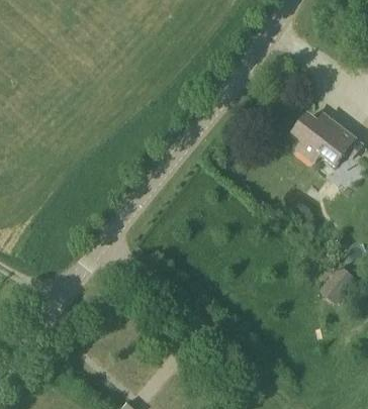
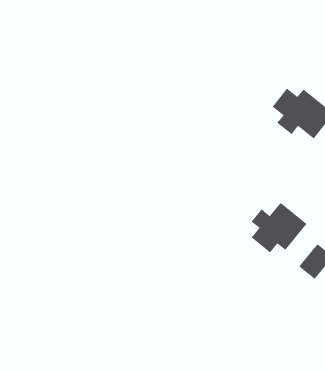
building: none -> [250,202,308,254]

